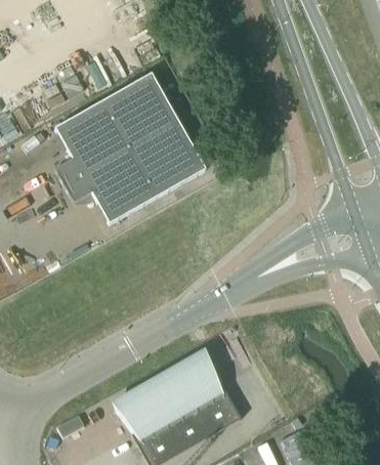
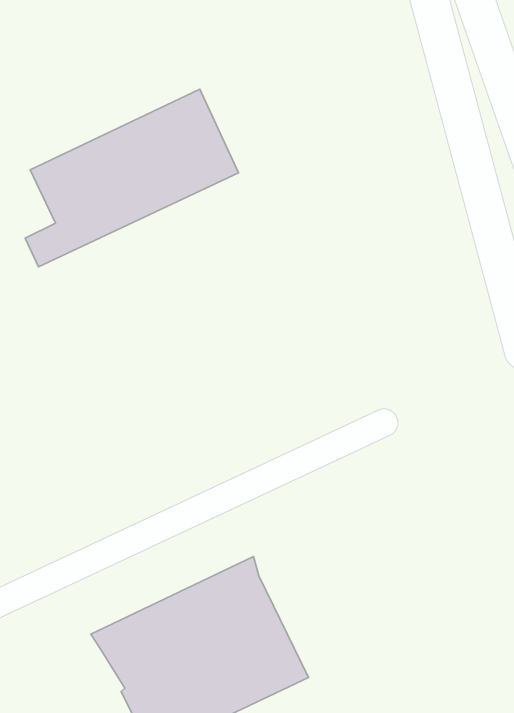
building: [62,120,205,222] -> none

